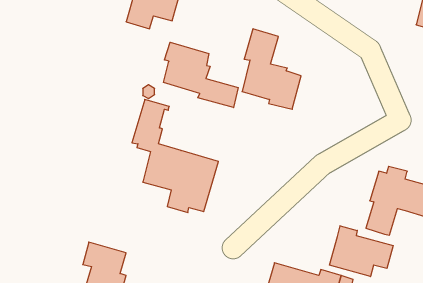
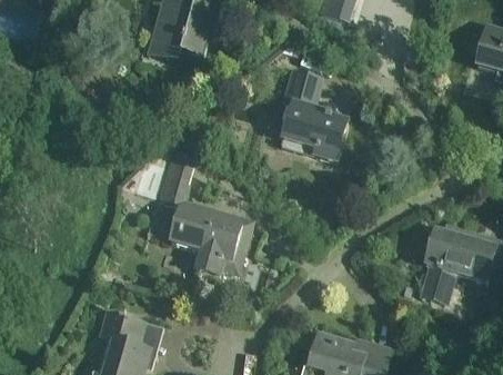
building: [163,42,238,108] -> none
building: [330,226,393,277] -> none

